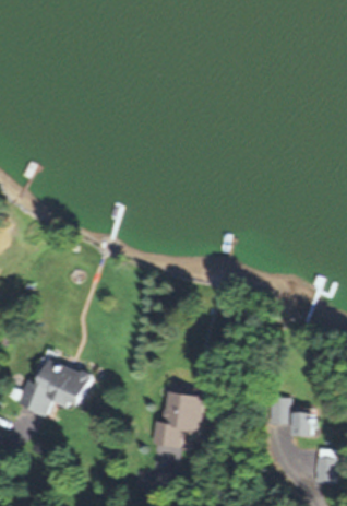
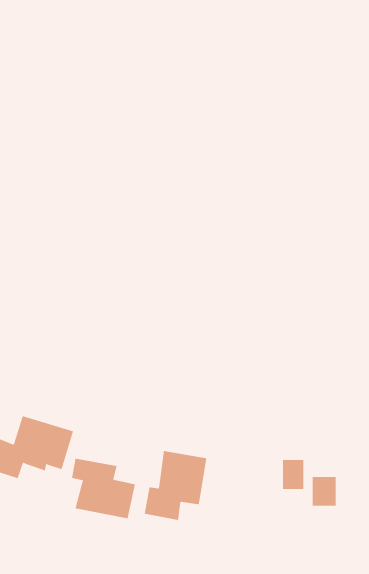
building: none -> [71,458,135,519]
building: [315,450,336,484] -> none

